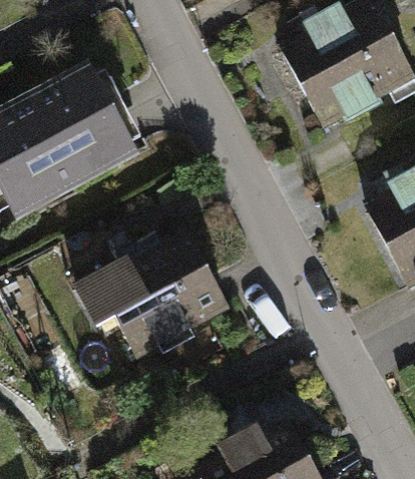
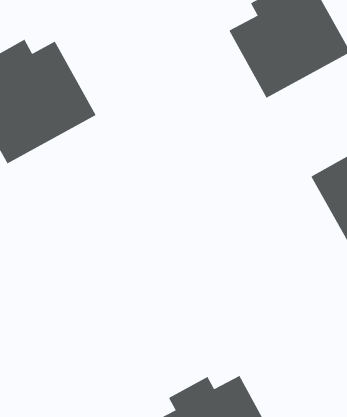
building: [77,237,230,362] -> none

